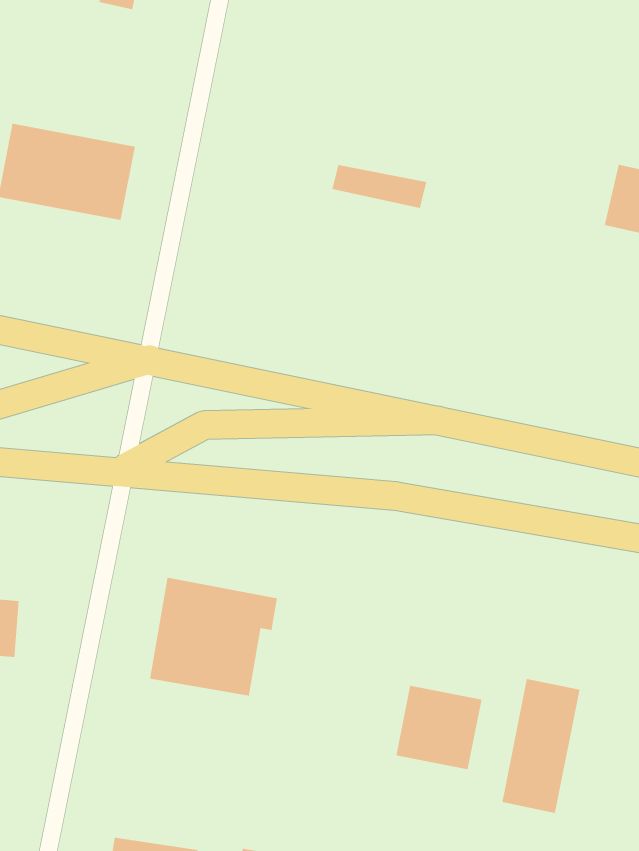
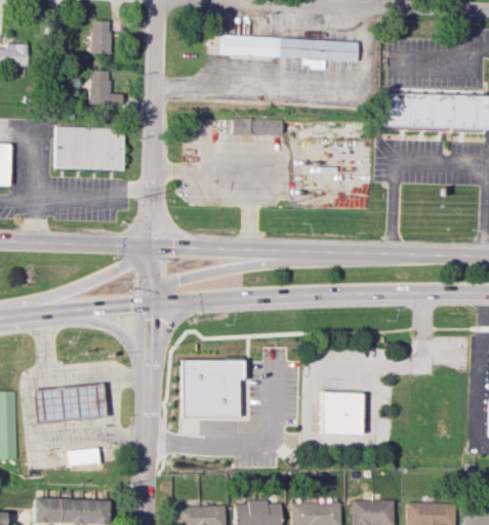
building: none -> [220,35,359,60]
building: none -> [88,69,121,105]
building: [501,678,580,814] -> none

